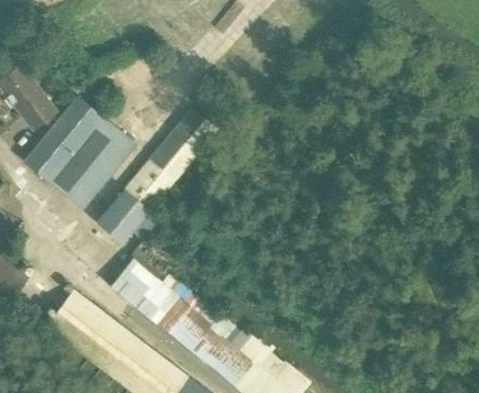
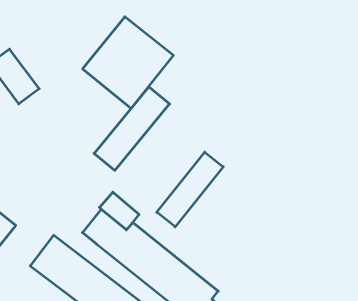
building: [25,96,136,208] -> [83,17,173,108]
building: none -> [157,152,223,227]
building: [98,189,149,241] -> none

